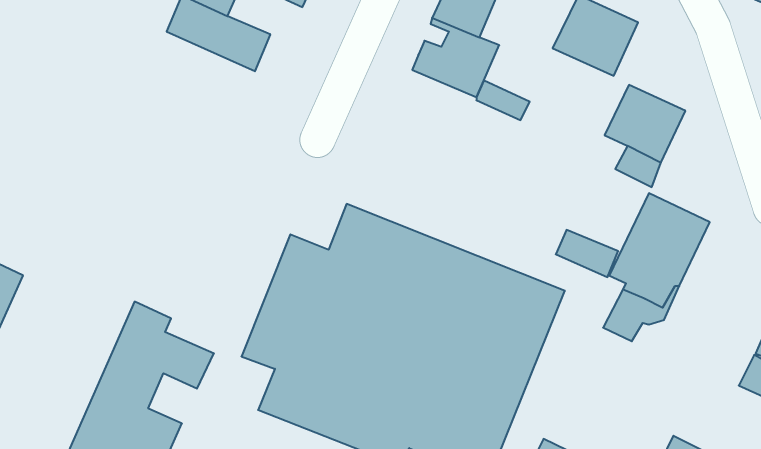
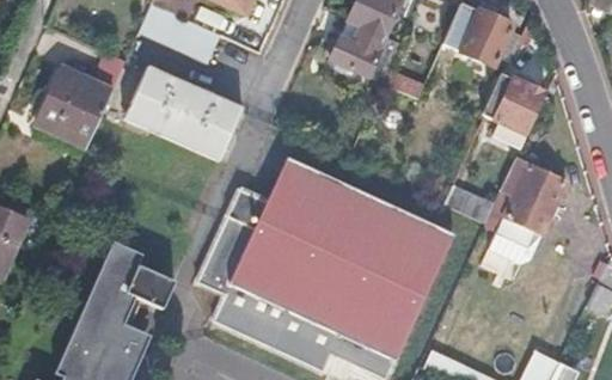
building: none -> [37,50,126,146]
building: none -> [124,66,240,159]

